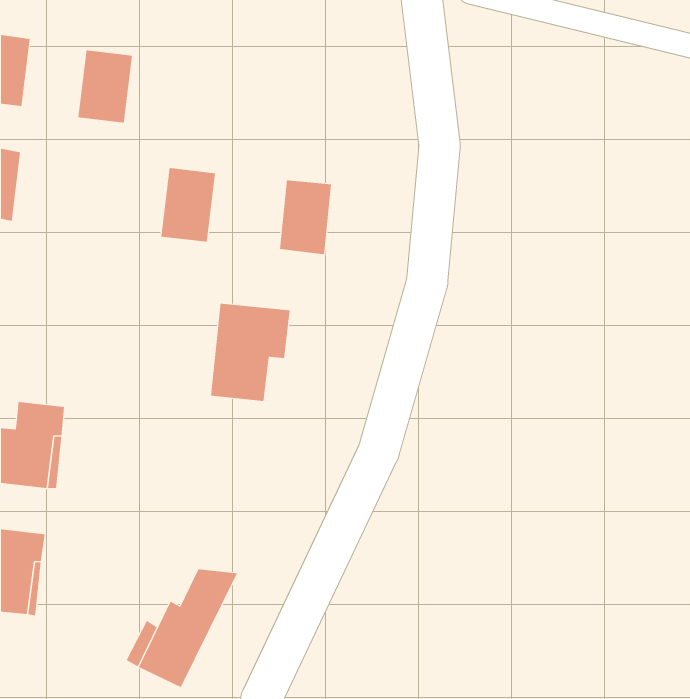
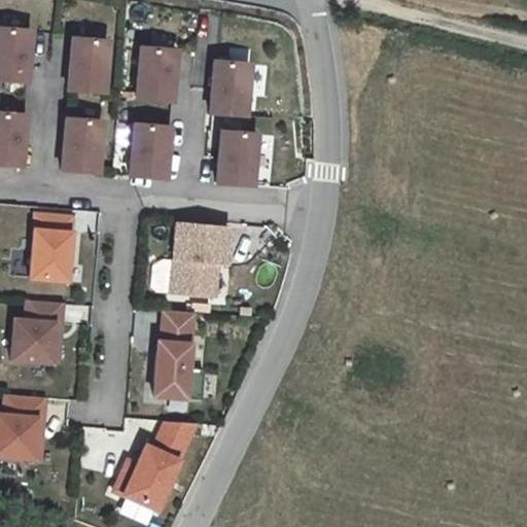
building: none -> [141,48,180,103]
building: none -> [214,64,254,118]
building: none -> [63,117,104,172]
building: none -> [30,210,74,280]
building: none -> [151,311,201,399]

